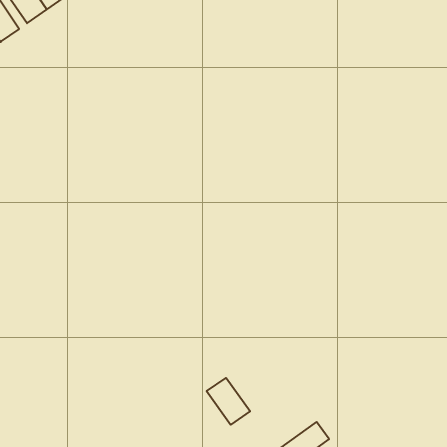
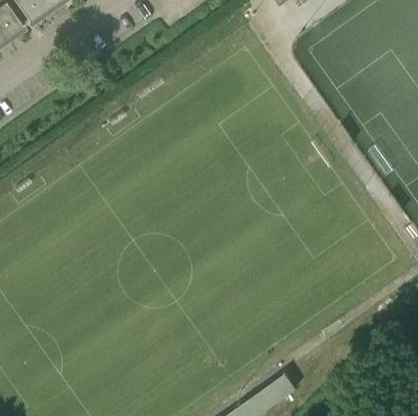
building: [207,378,250,425] -> none

